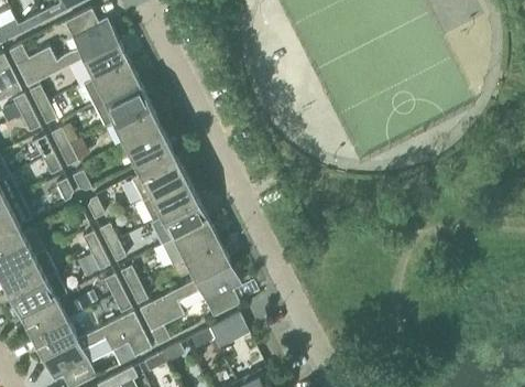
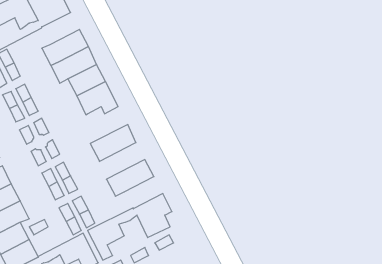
building: [81,40,128,79] -> none
building: [130,155,187,201] -> none
building: [150,200,208,245] -> none
building: [183,241,230,281] -> none

